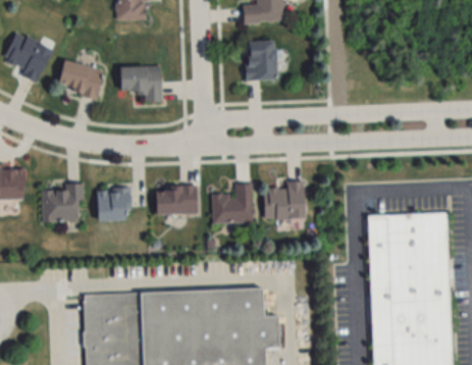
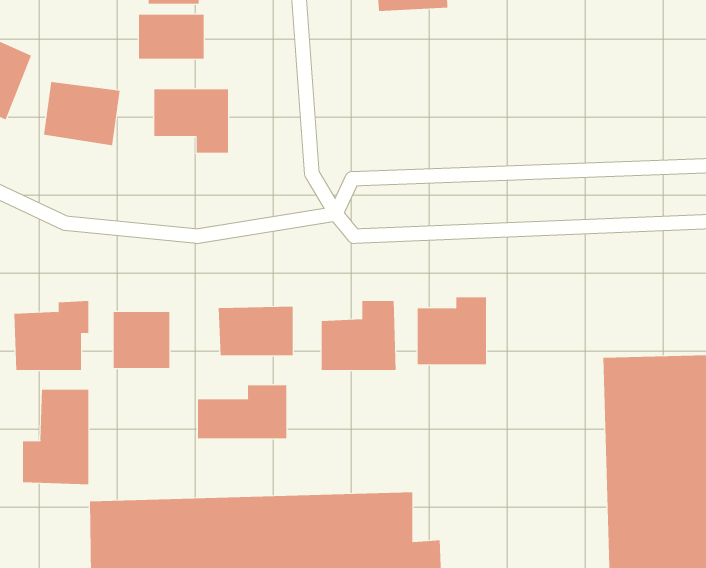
building: none -> [138,14,204,60]
building: [246,42,275,81] -> none
building: none -> [197,385,287,439]
building: none -> [22,389,89,485]

